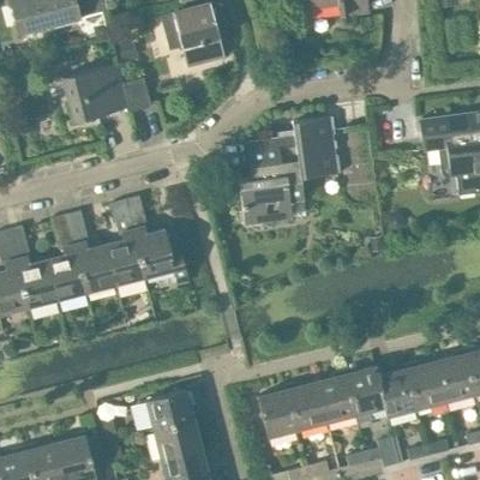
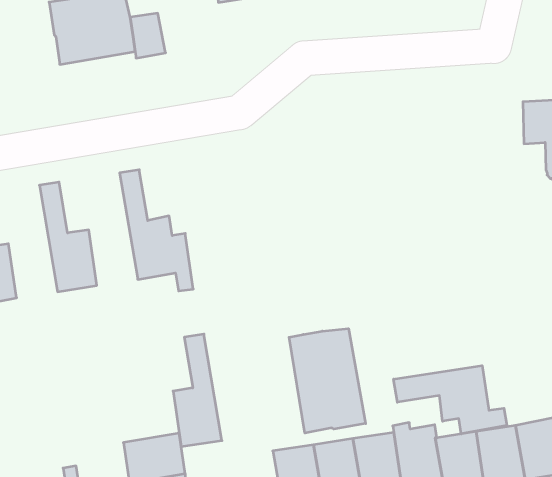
building: [239,116,340,226] -> none
building: [106,199,145,284] -> [173,334,222,447]
building: [47,214,86,299] -> none
building: none -> [289,329,366,433]
building: none -> [394,366,507,434]

